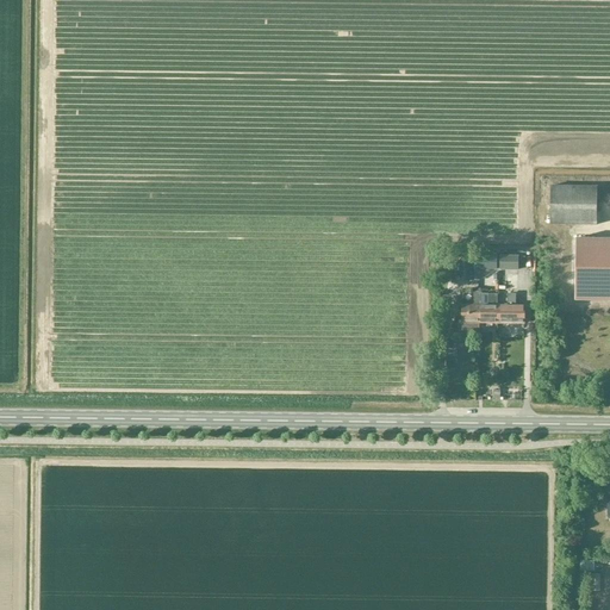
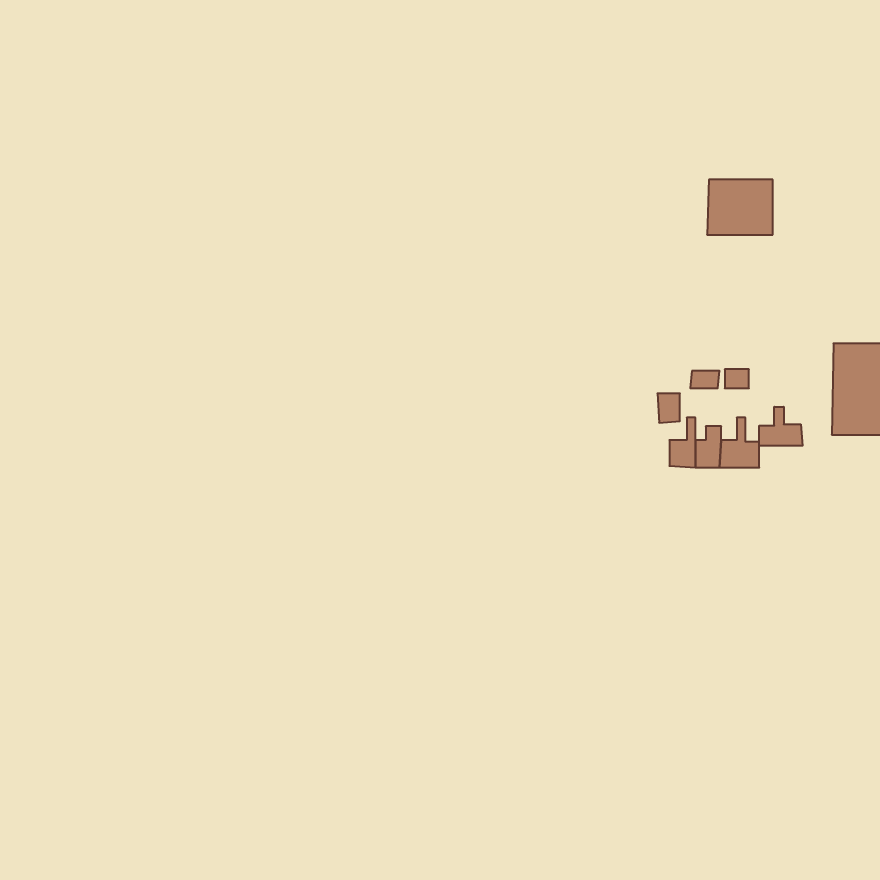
building: [552,186,597,224] -> [707,180,773,235]
building: none -> [759,407,803,446]

